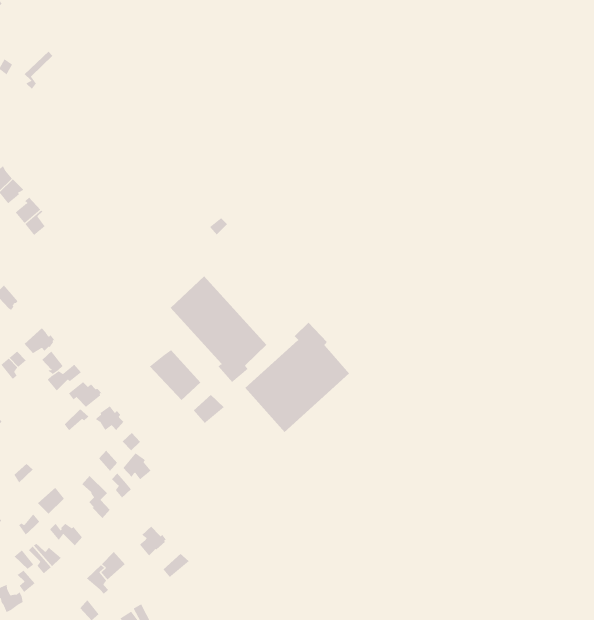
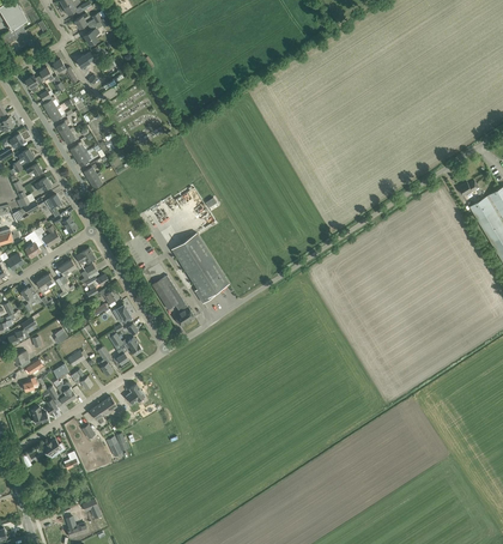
building: [245,322,350,433] -> none

